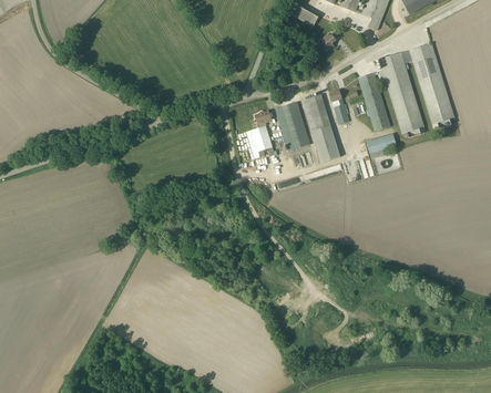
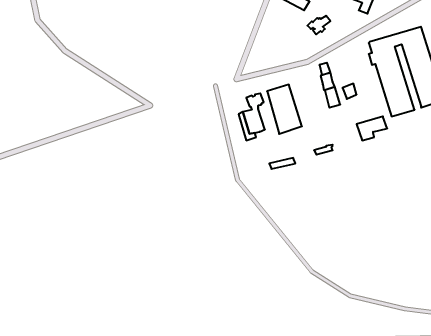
building: [358,72,390,130] -> none
building: [301,93,340,162] -> none

